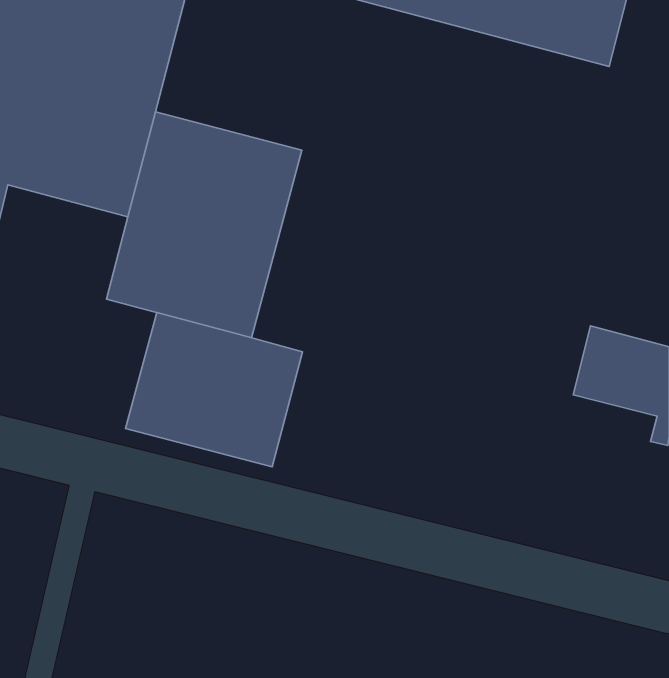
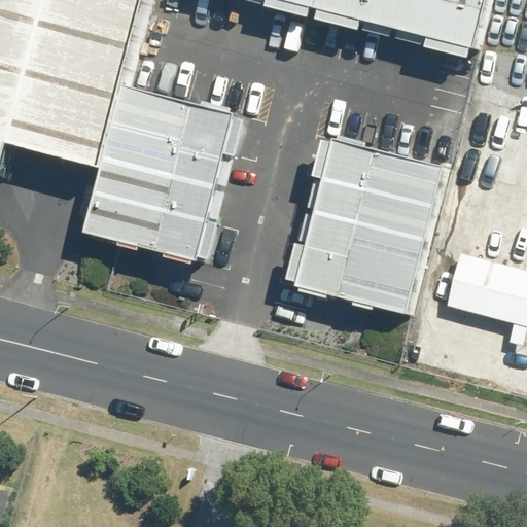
building: none -> [294,142,443,313]
building: [126,313,303,467] -> none

